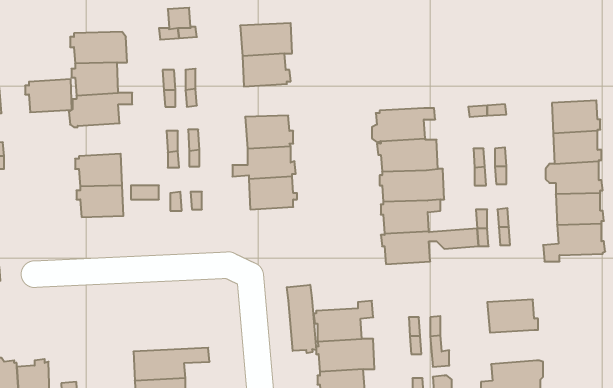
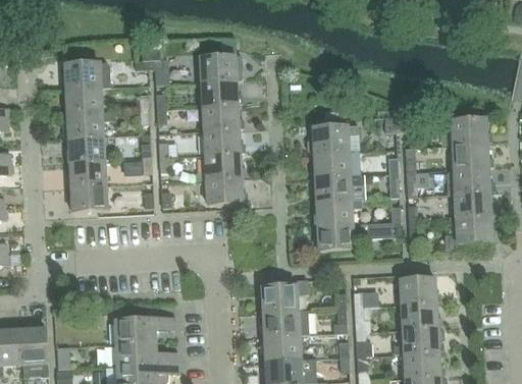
building: [25,79,72,112] -> [66,136,104,163]
building: none -> [203,105,242,131]
building: [287,285,316,353] -> none
building: none -> [401,303,440,330]

